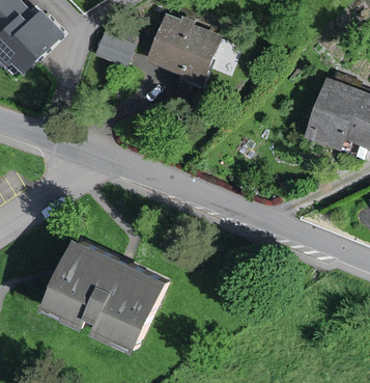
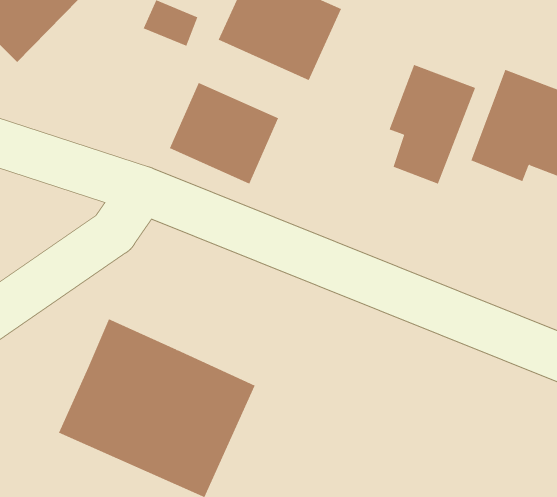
building: none -> [389,64,476,184]
building: none -> [169,82,279,184]

